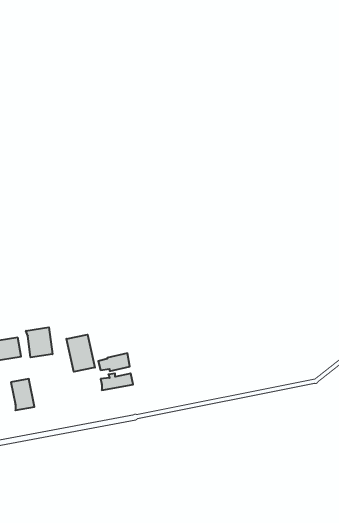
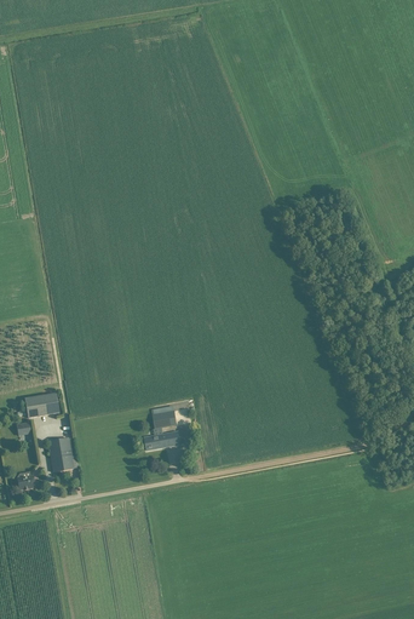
building: [26,327,52,357] -> none
building: [66,335,95,372] -> none

